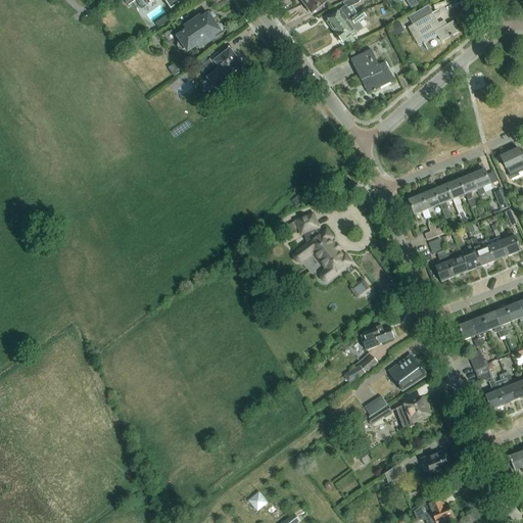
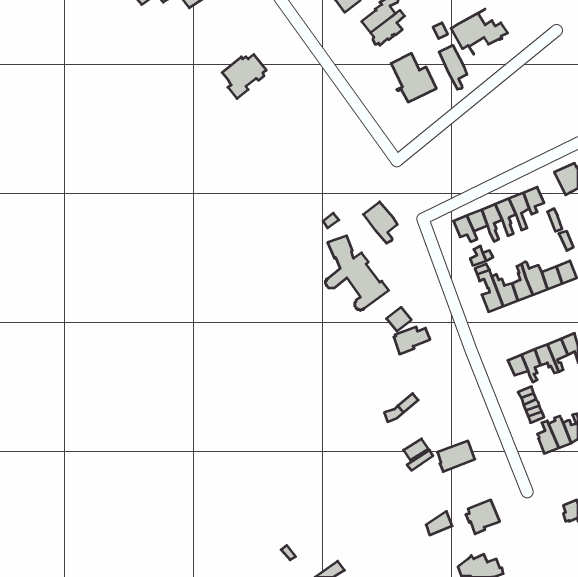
building: [176,11,223,50] -> none
building: none -> [439,45,467,89]
building: none -> [363,202,397,243]
building: [361,325,393,349] -> [394,327,430,354]
building: [388,356,427,390] -> none

